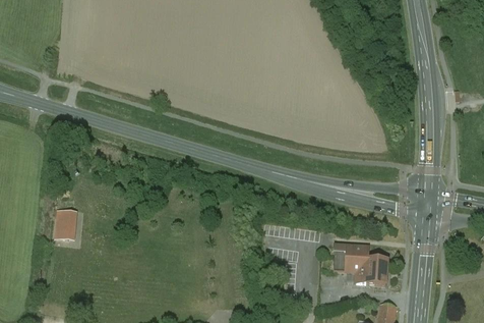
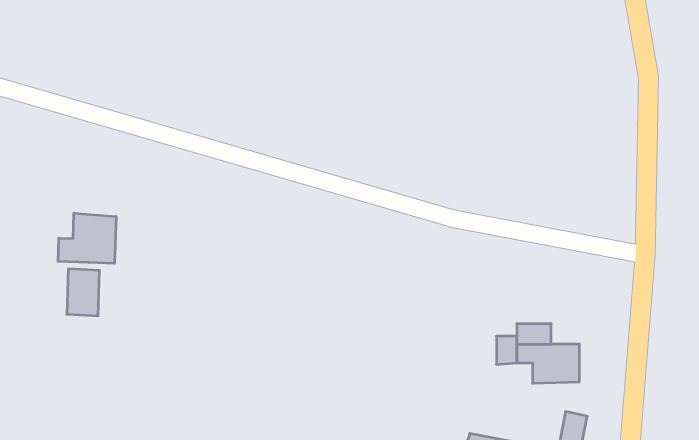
building: none -> [58,213,116,263]

